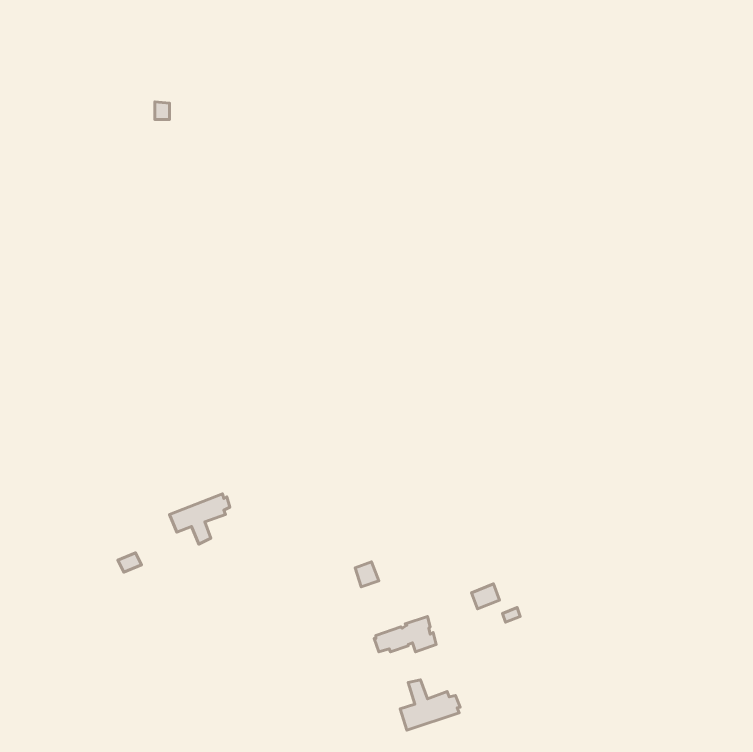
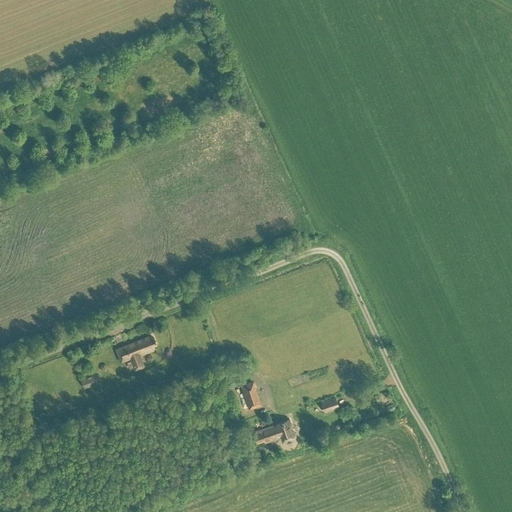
building: [400,680,460,730] -> none

